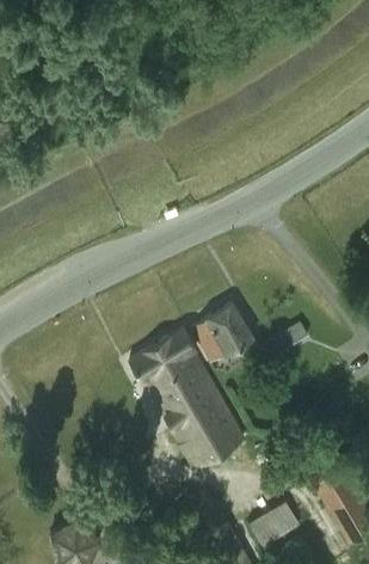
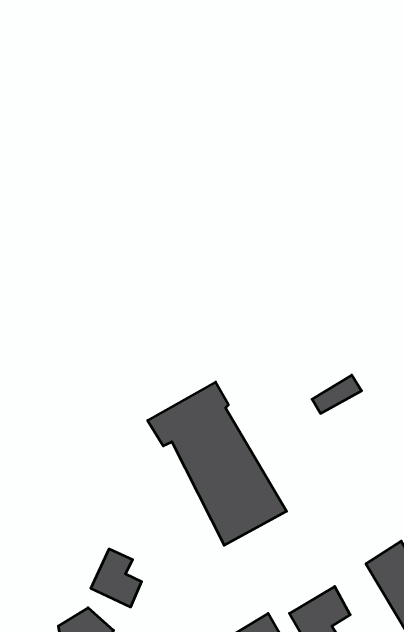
building: [190,304,254,364] -> none
building: none -> [91,549,142,607]

